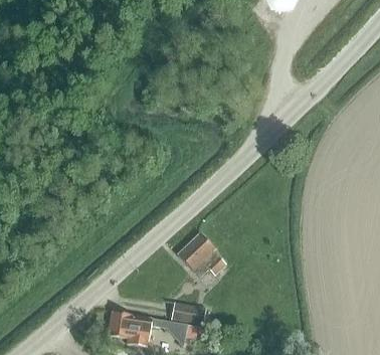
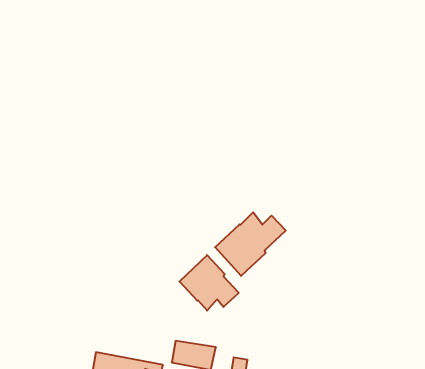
building: none -> [215,212,286,276]

